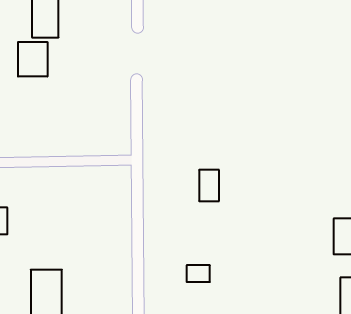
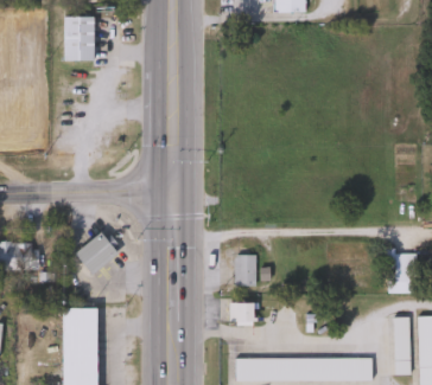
building: [18,42,47,77] -> none
building: [199,170,219,201] -> [235,254,256,287]
building: none -> [76,232,119,274]

